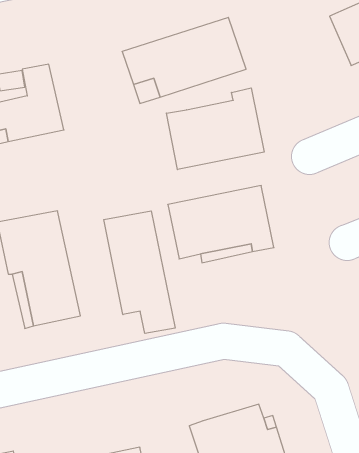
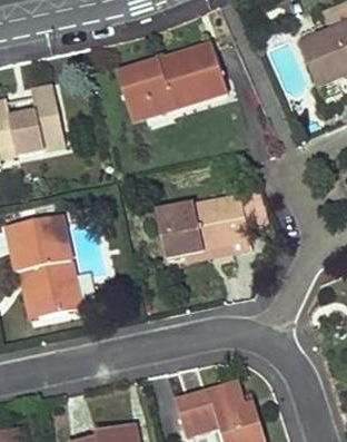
building: [166,88,264,170] -> none
building: [104,211,175,333] -> none

